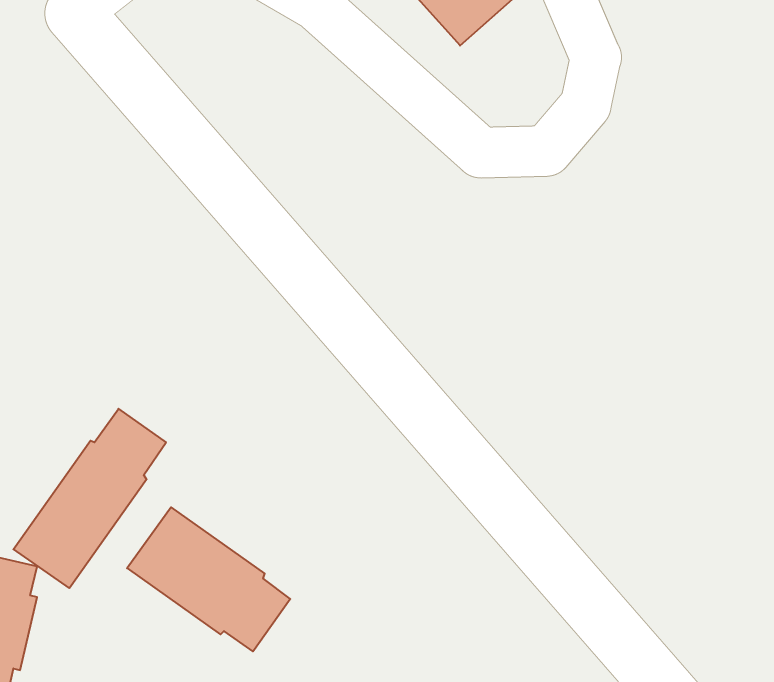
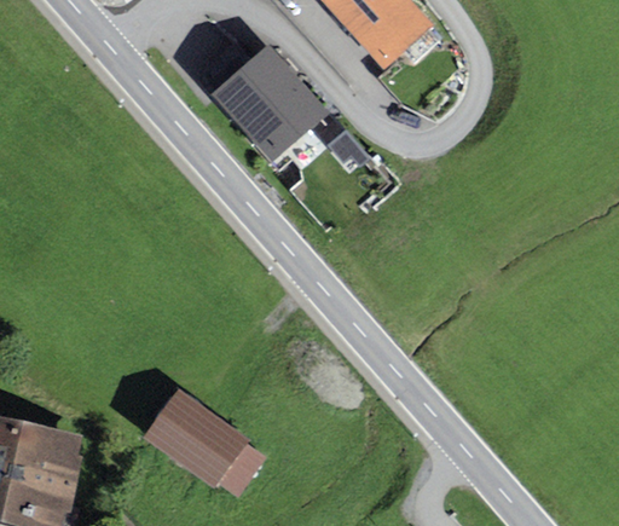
building: none -> [221,53,319,154]
building: [13,409,166,588] -> none

